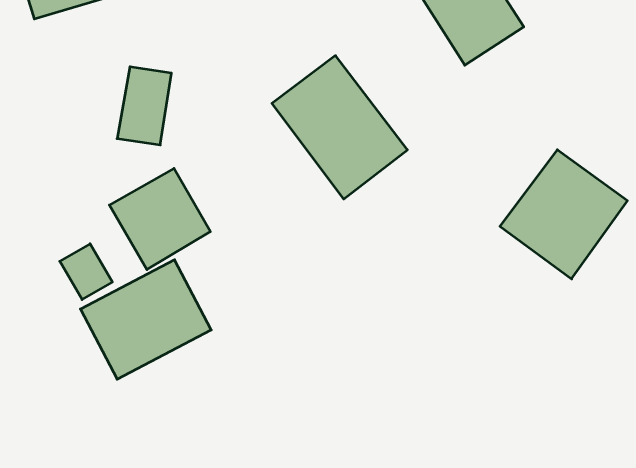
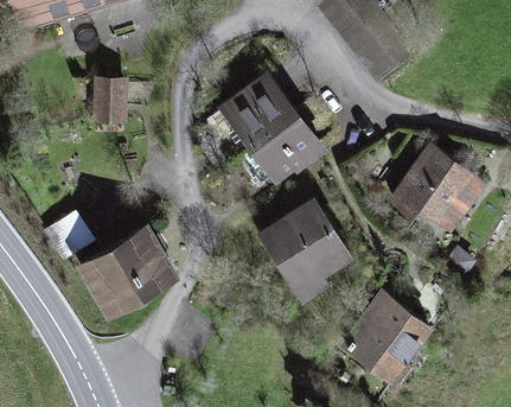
building: [109,168,210,270] -> none
building: none -> [258,197,357,299]
building: none -> [343,286,424,374]

